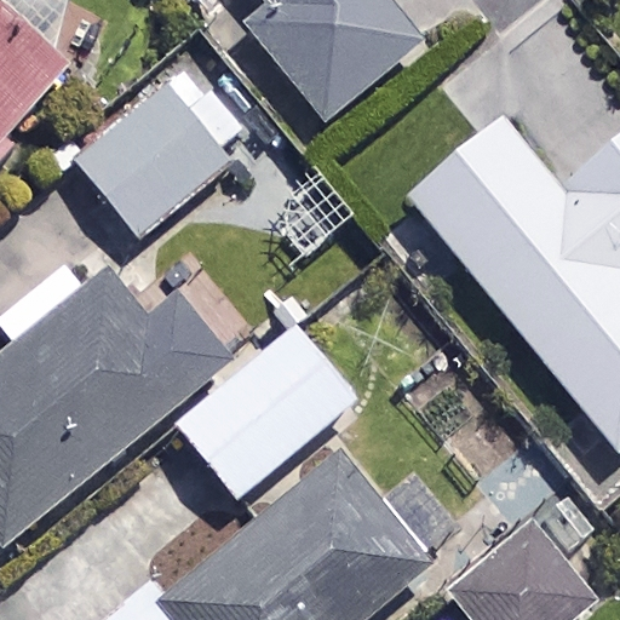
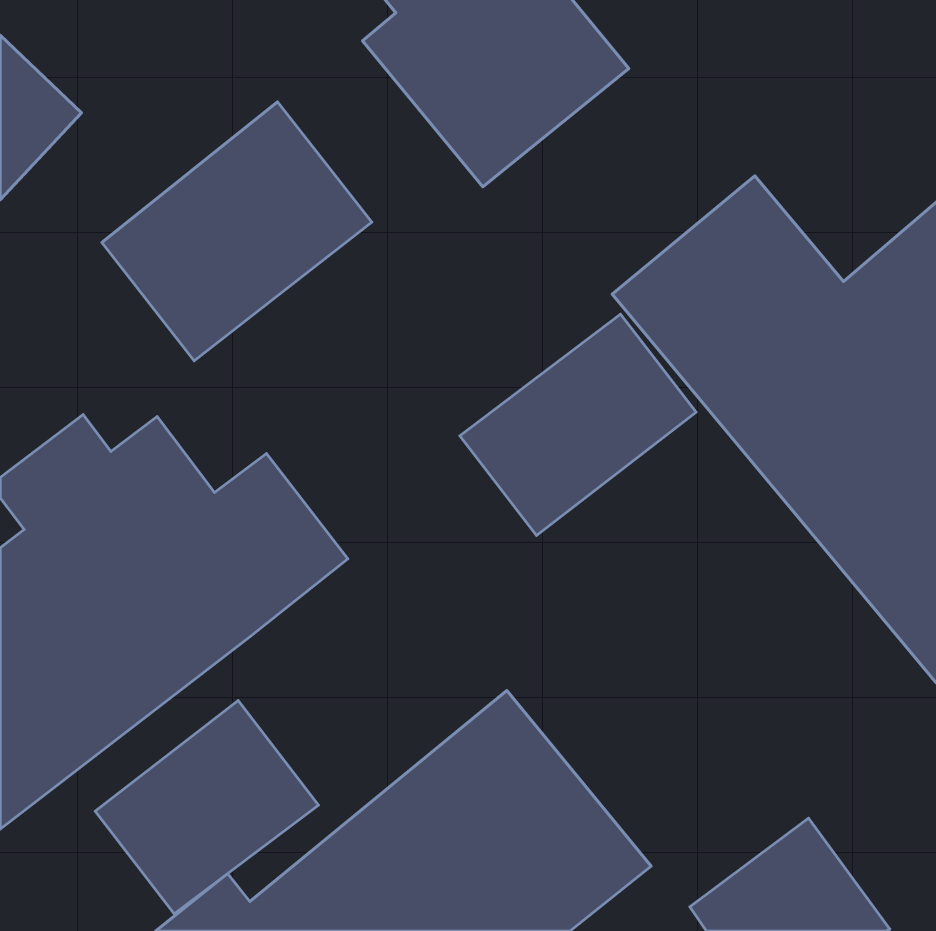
building: none -> [460,314,696,536]
building: [170,328,355,498] -> none
building: none -> [95,700,319,914]

